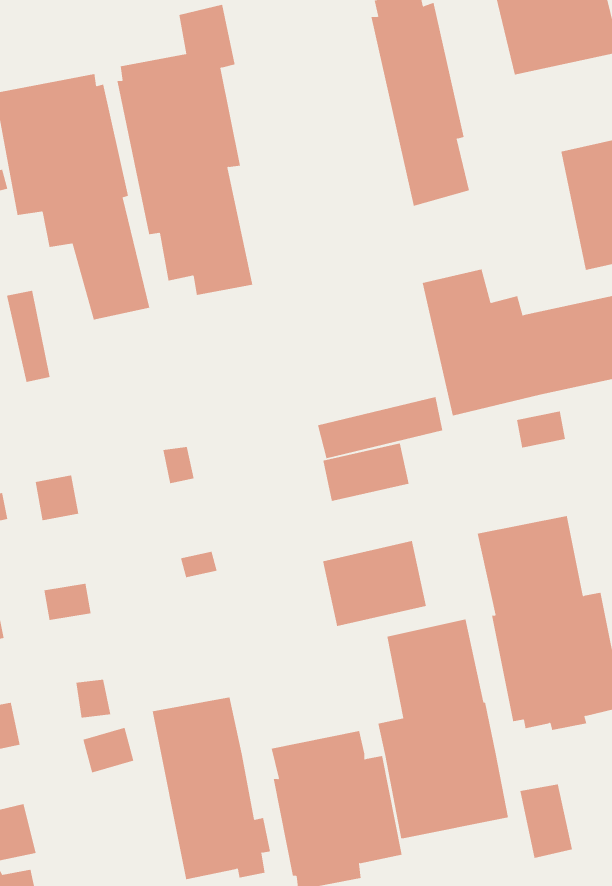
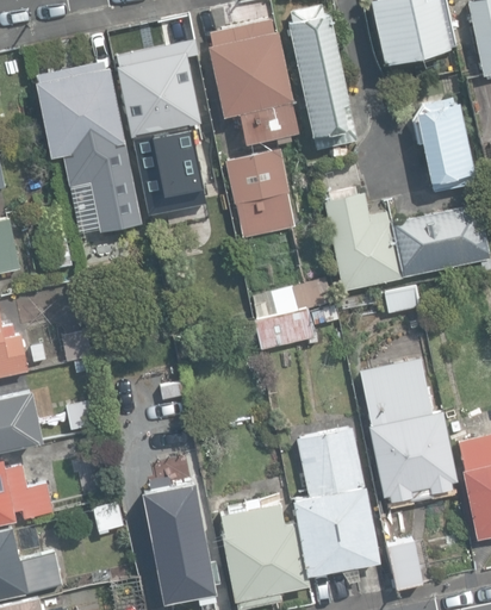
building: none -> [207,20,298,145]
building: none -> [225,150,293,238]
building: [323,540,427,627] -> none

